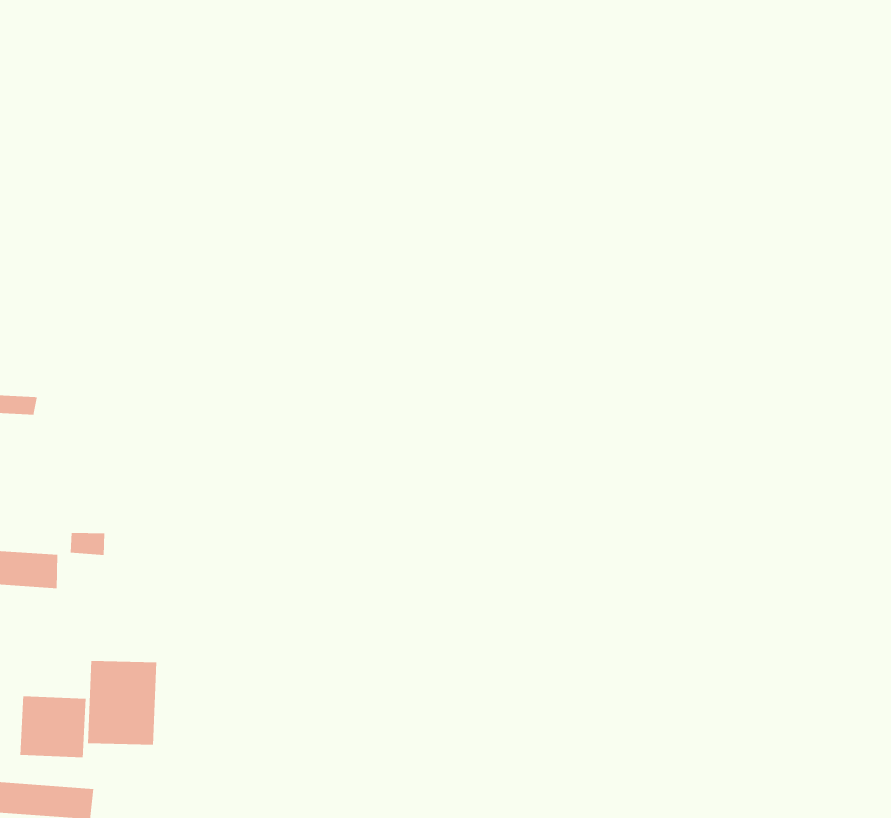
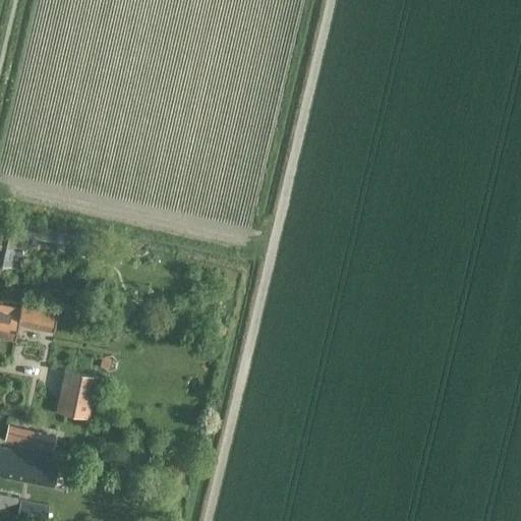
building: [20,695,86,758] -> none

